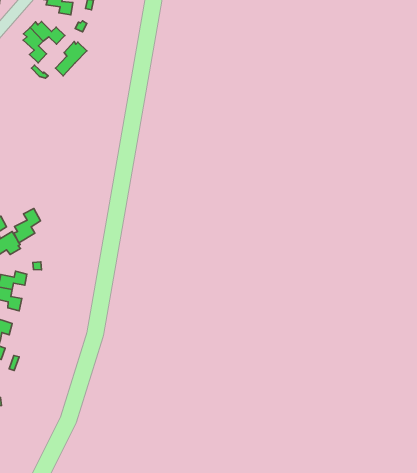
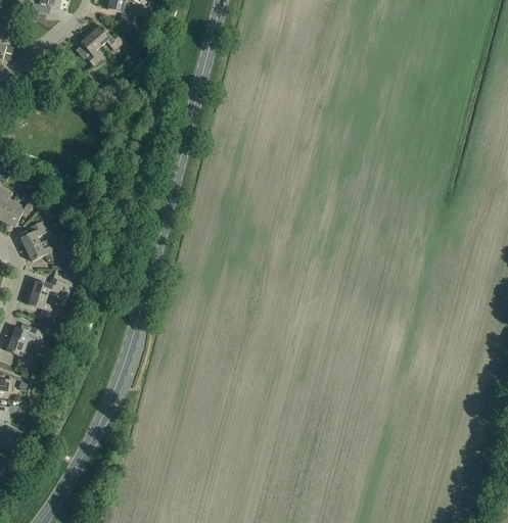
building: [55,42,87,76] -> none
building: [14,209,40,243] -> none

